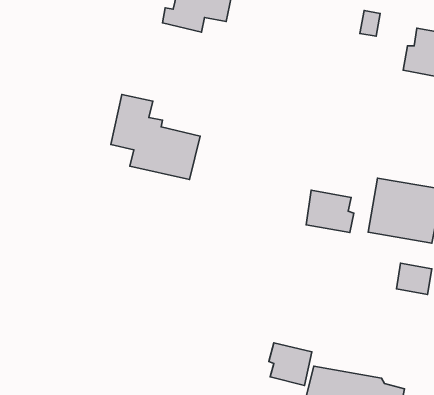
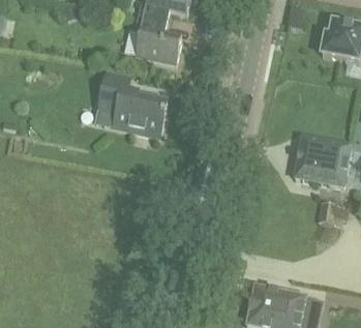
building: none -> [134,19,181,66]
building: [306,190,354,232] -> none
building: [269,343,312,386] -> none

